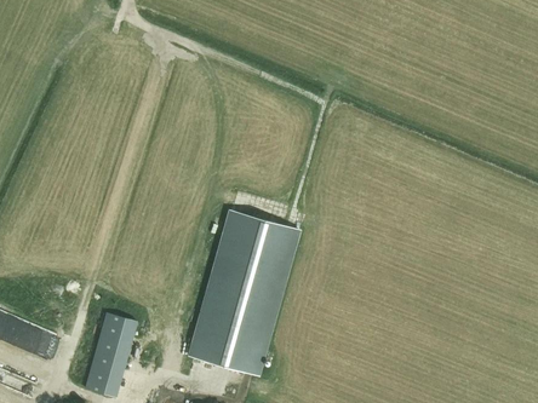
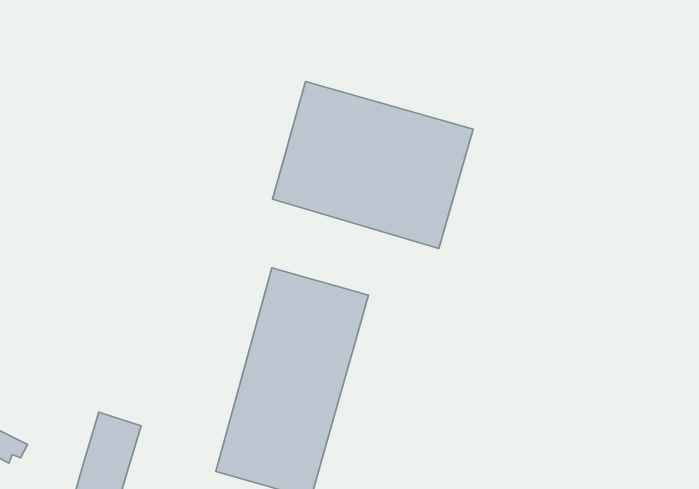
building: none -> [272,82,473,249]

